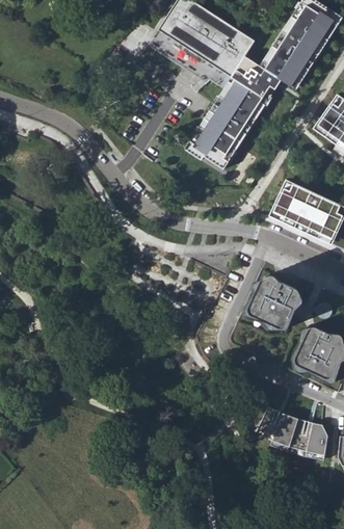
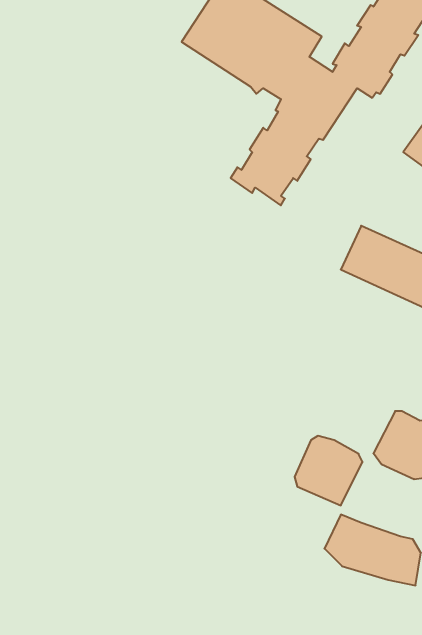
building: [249,274,301,327] -> [295,436,363,505]

